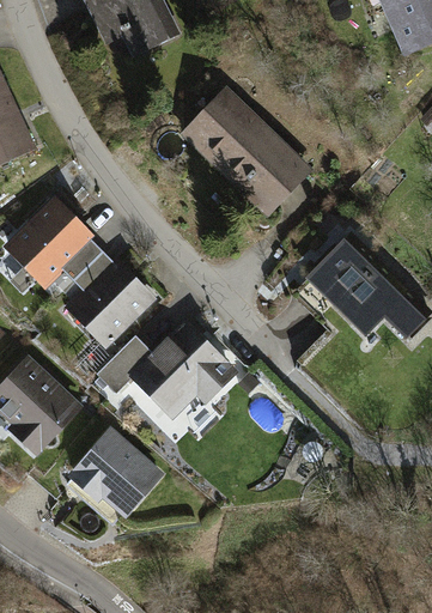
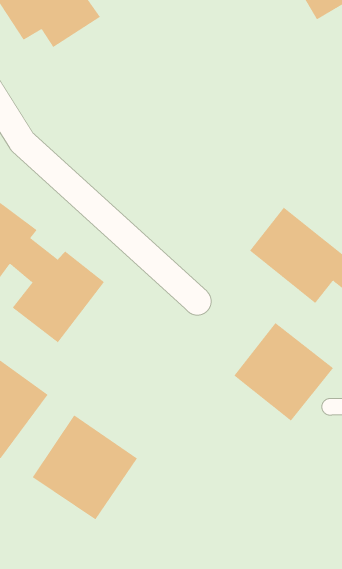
building: [182,86,312,214] -> none
building: [98,314,242,418] -> none
building: none -> [234,322,334,421]

